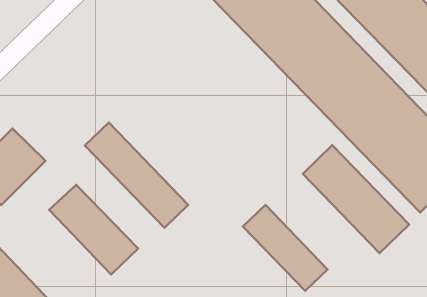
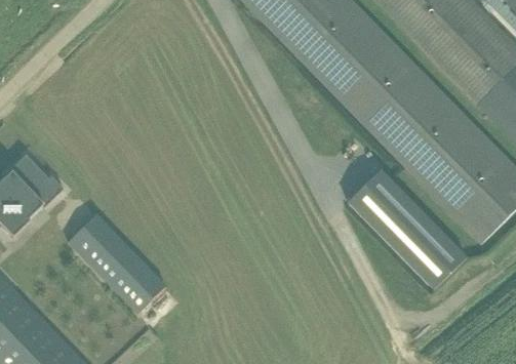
building: [85,123,188,228] -> none
building: [243,205,328,291] -> none

